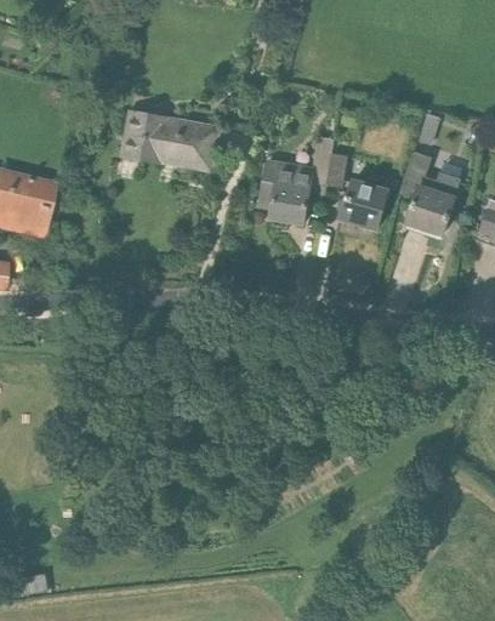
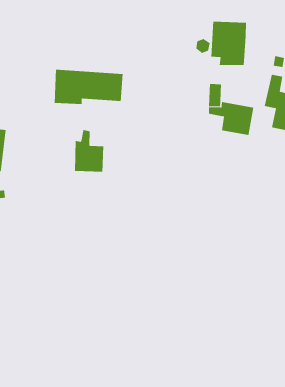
building: [260,159,313,223] -> [211,21,247,66]
building: none -> [74,129,104,173]

